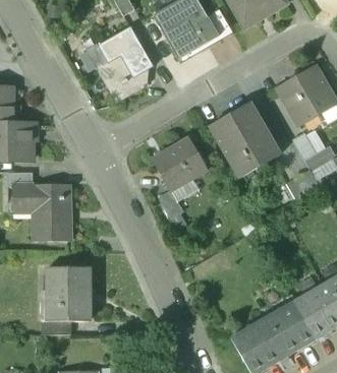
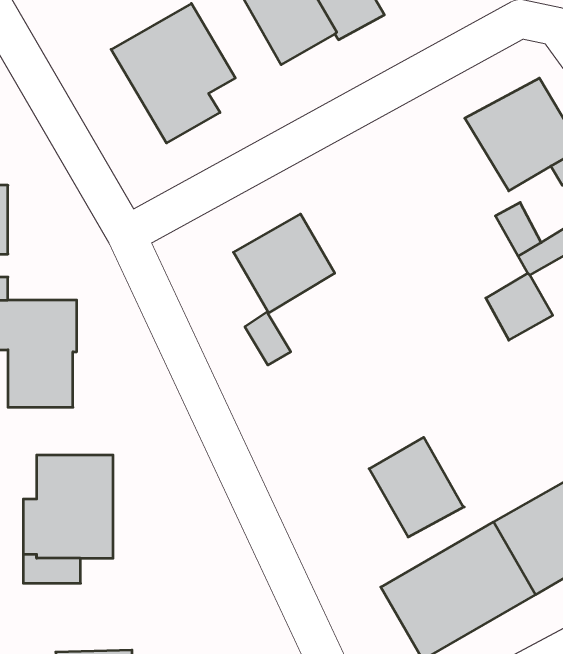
building: [210,103,281,178] -> none
building: none -> [369,437,464,537]

